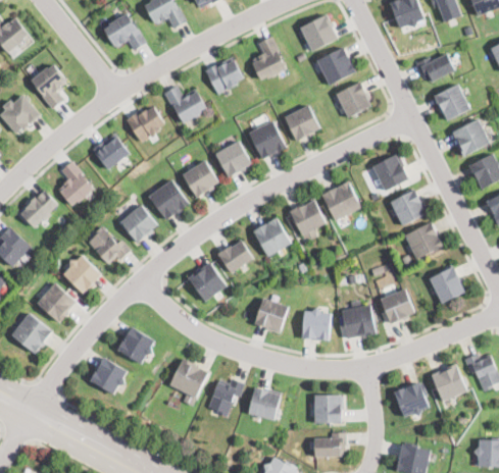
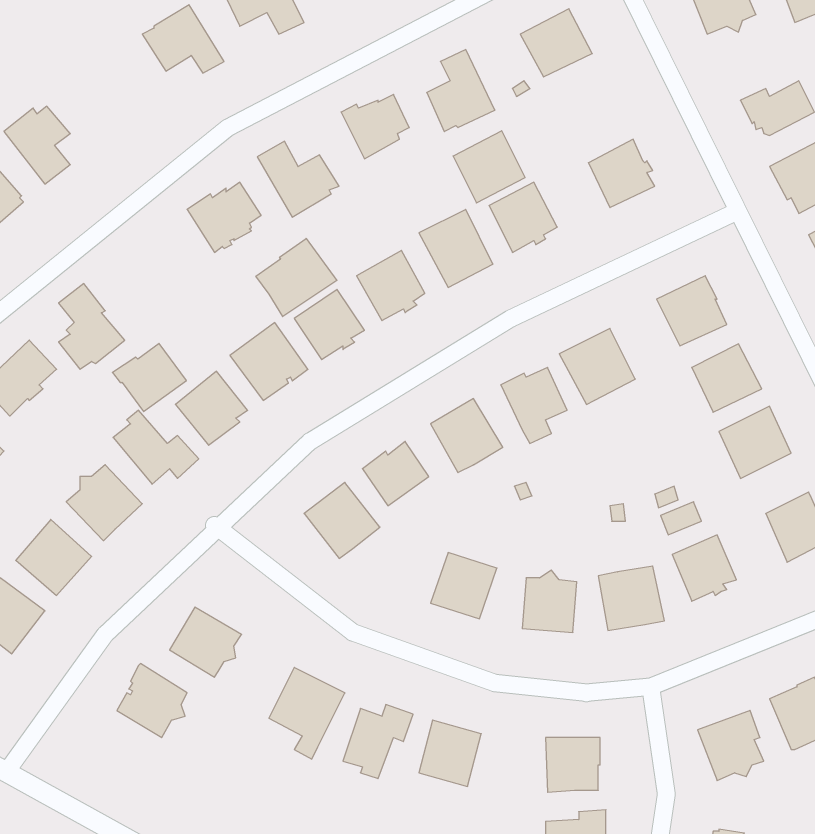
building: [316,48,354,86] -> [453,131,525,203]
building: [91,133,130,168] -> [112,343,186,412]
building: none -> [256,238,337,317]

